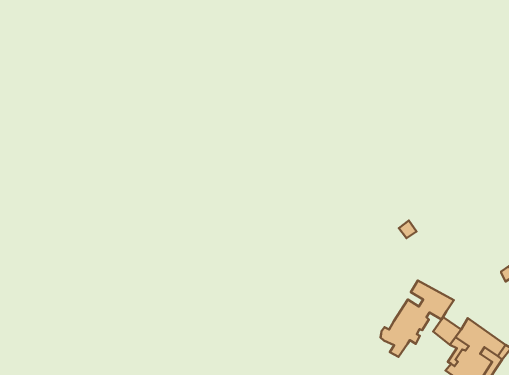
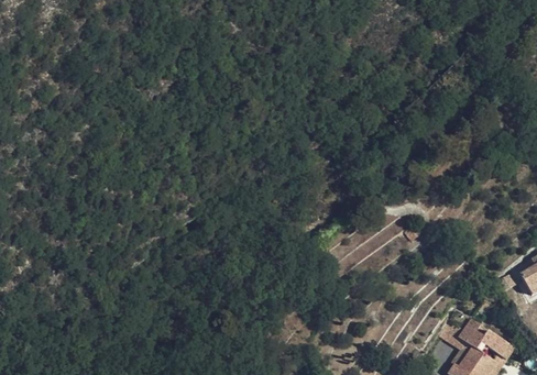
building: [380,280,454,357] -> none

